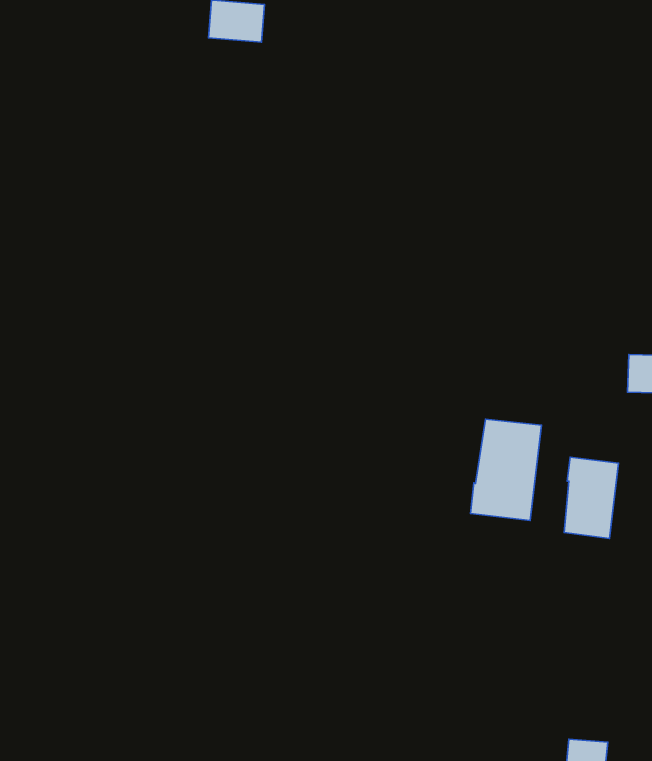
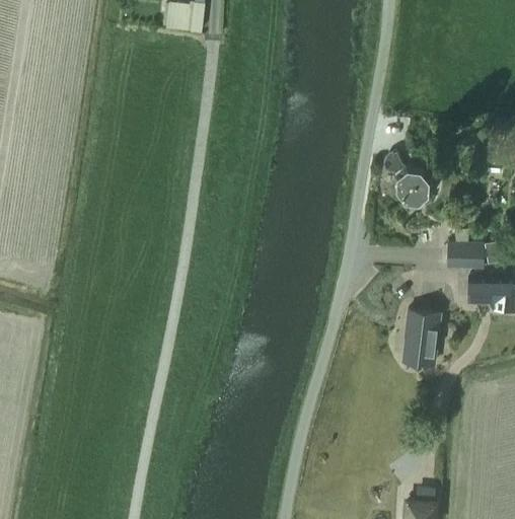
building: none -> [382,153,431,205]
building: [470,419,542,520] -> none

